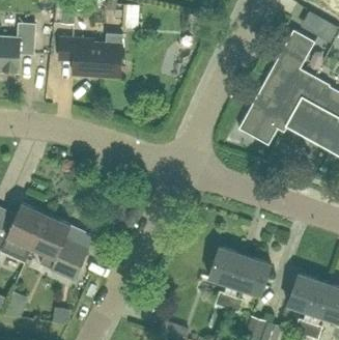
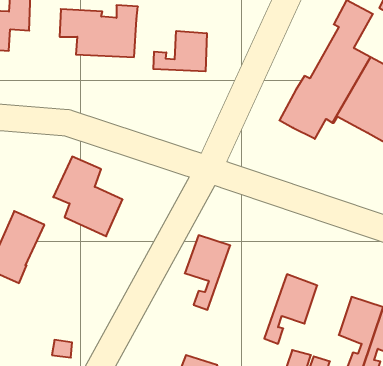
building: none -> [153,31,207,71]
building: [31,215,88,280] -> [53,157,123,236]
building: [208,247,246,308] -> [185,235,230,310]

